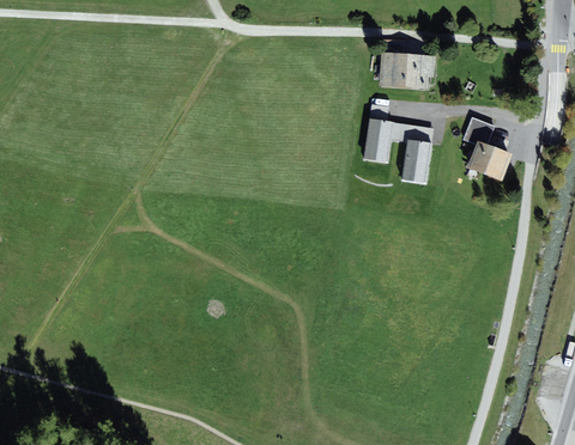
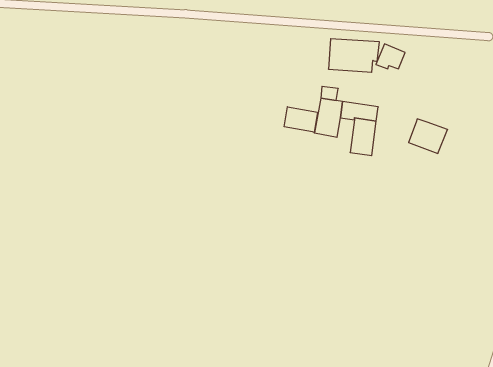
building: [462,117,495,145] -> [376,44,405,69]
building: none -> [284,107,317,132]

